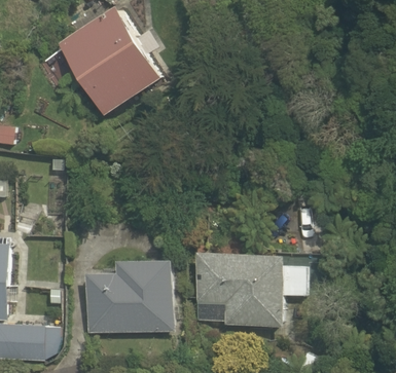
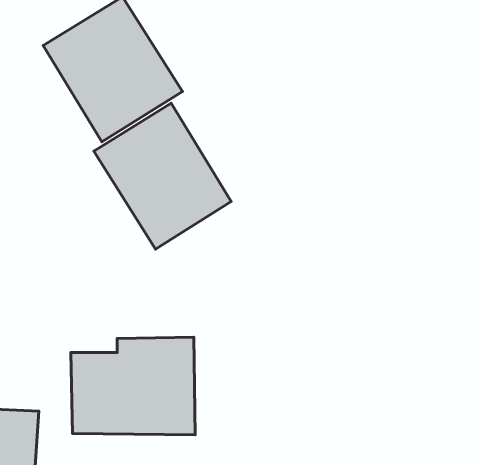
building: none -> [94,103,231,249]
building: [191,251,284,327] -> none

